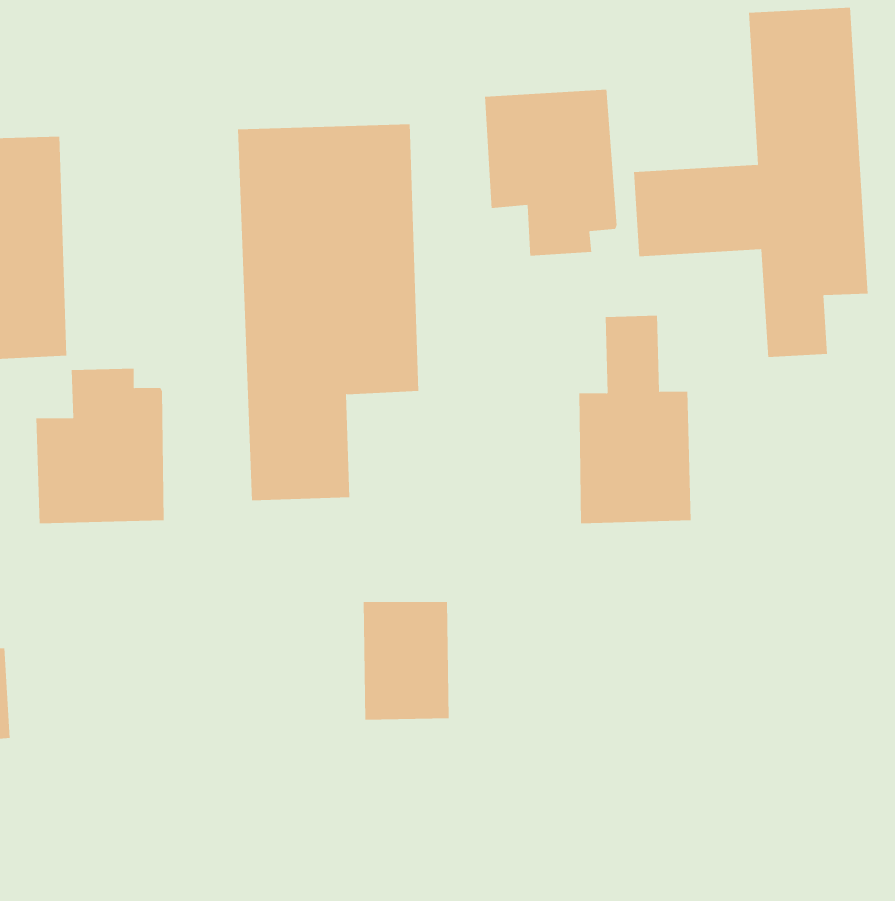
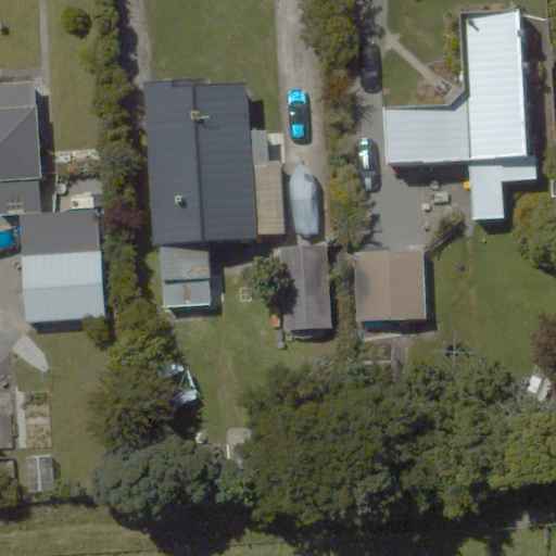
building: [485,89,617,256] -> none
building: [363,602,449,720] -> [273,251,326,324]

